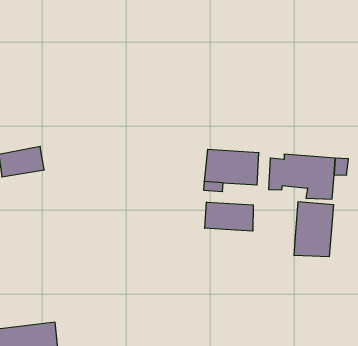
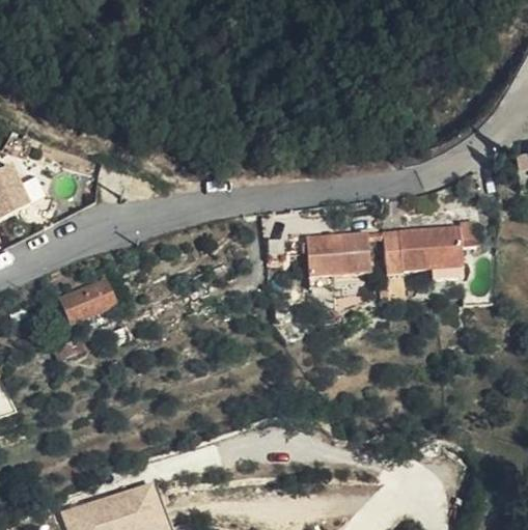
building: [294,202,333,257] -> none
building: [205,202,253,231] -> none

